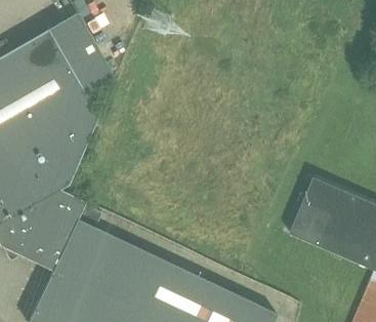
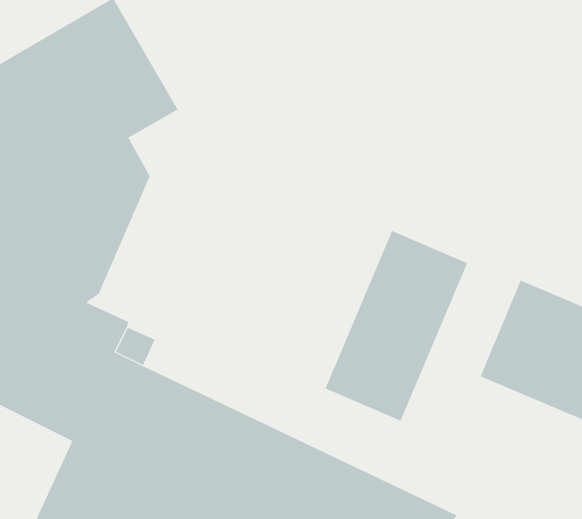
building: none -> [325,230,468,421]

